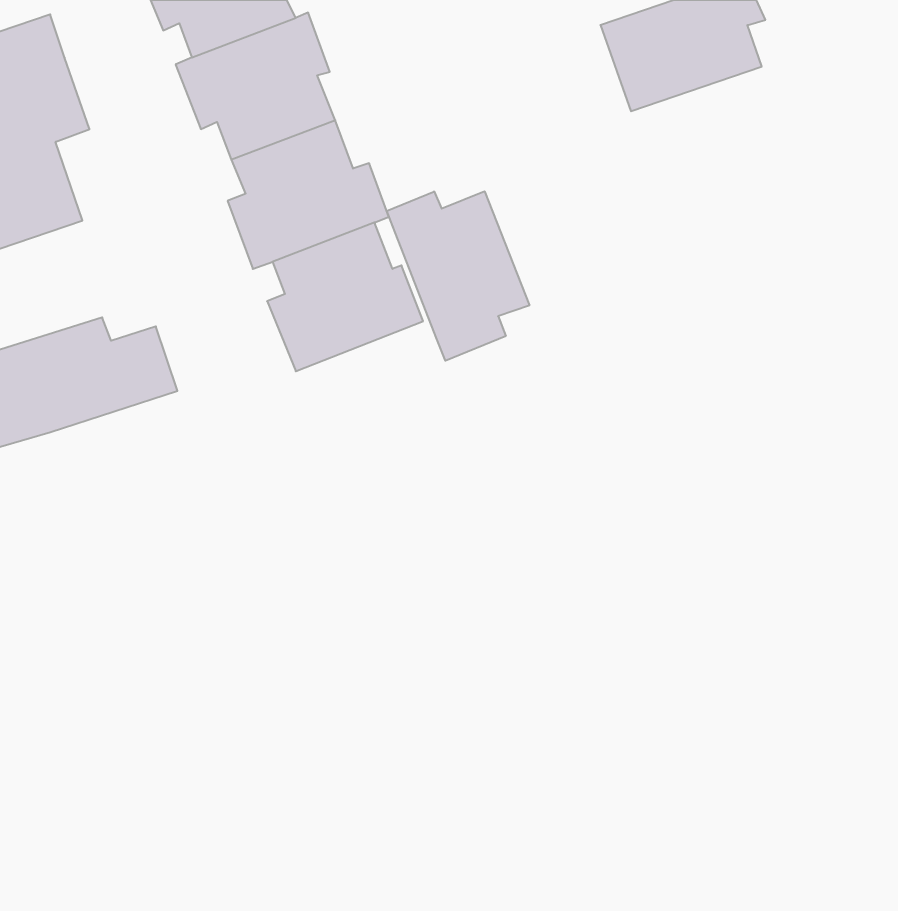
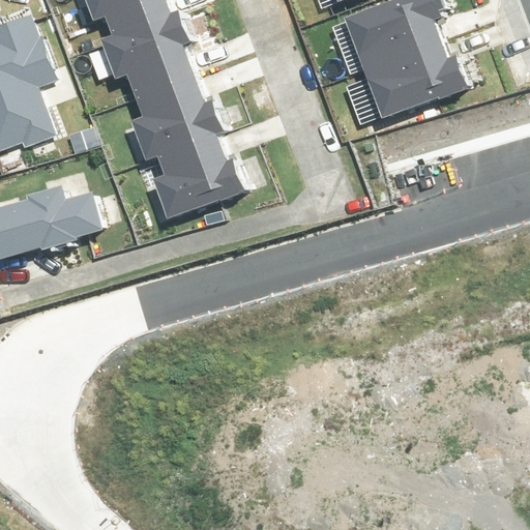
building: none -> [364,41,466,117]
building: [387,191,529,361] -> none

